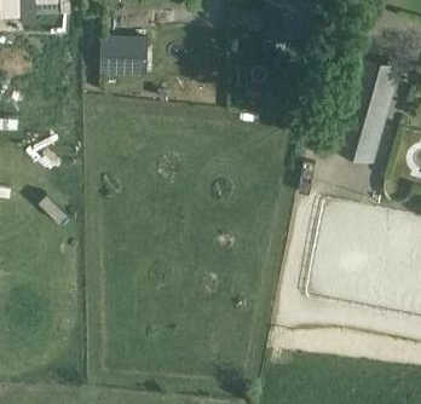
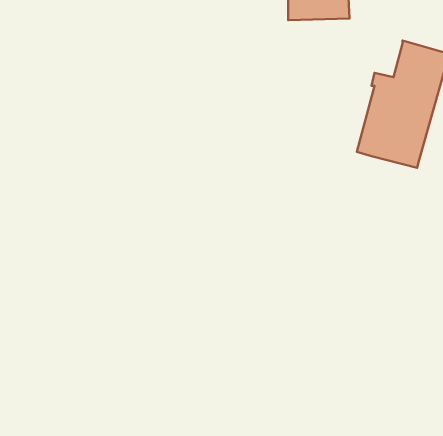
building: [103,36,151,76] -> none

